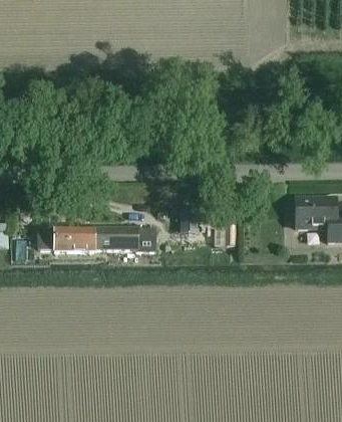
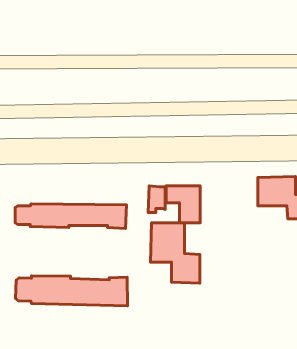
building: none -> [150,223,200,283]
building: none -> [16,276,127,306]

